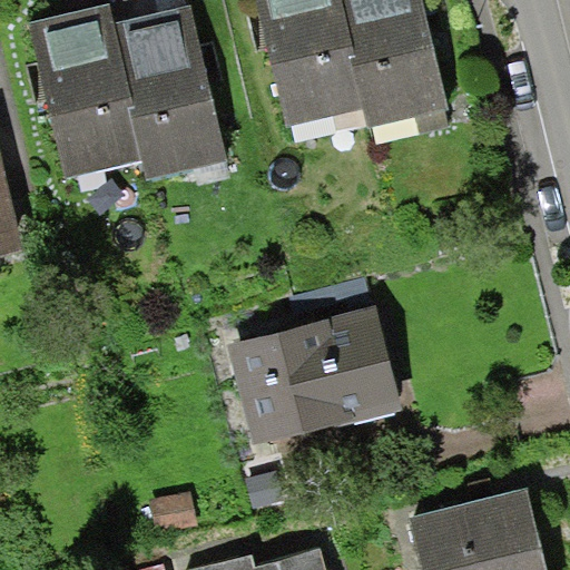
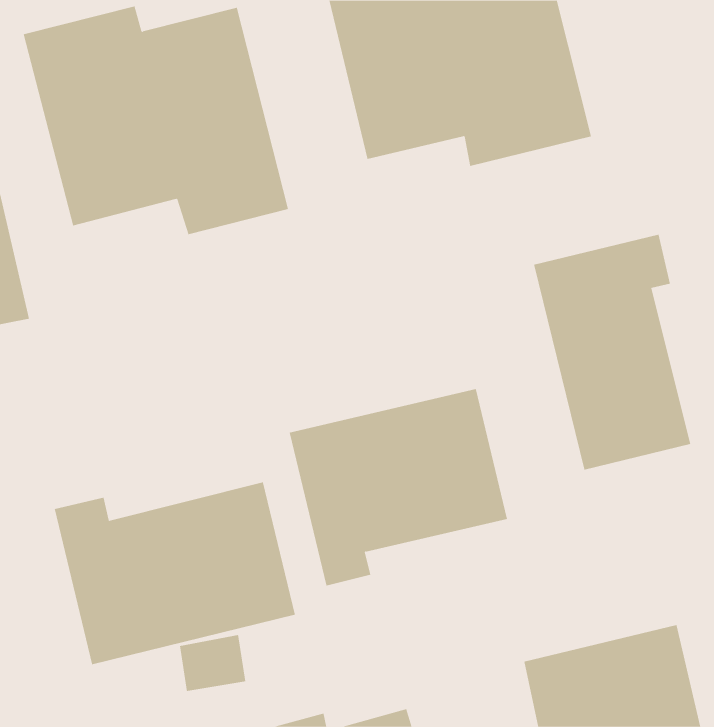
building: none -> [533,234,691,470]
building: none -> [54,482,295,665]

